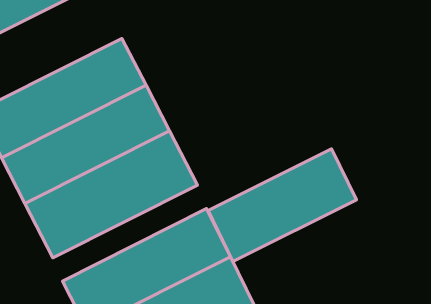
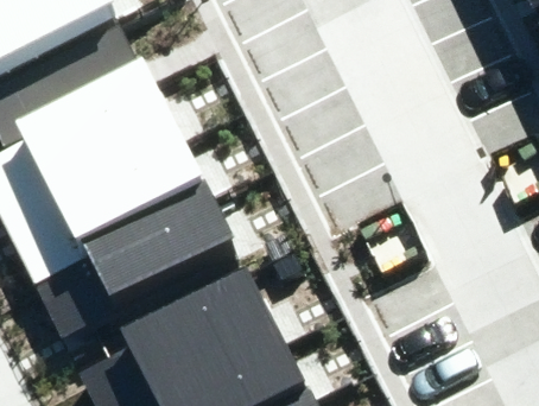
building: [208,149,357,262] -> none

